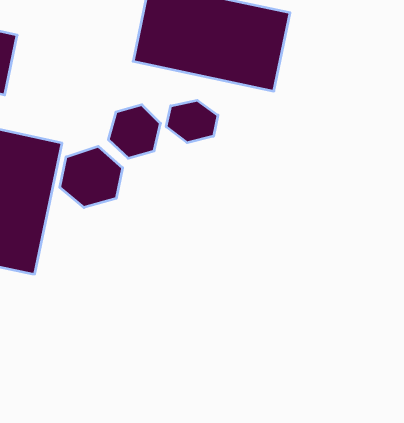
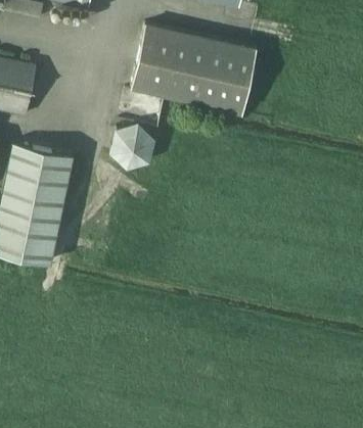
building: [166,100,218,143] -> none
building: [60,146,123,208] -> none

